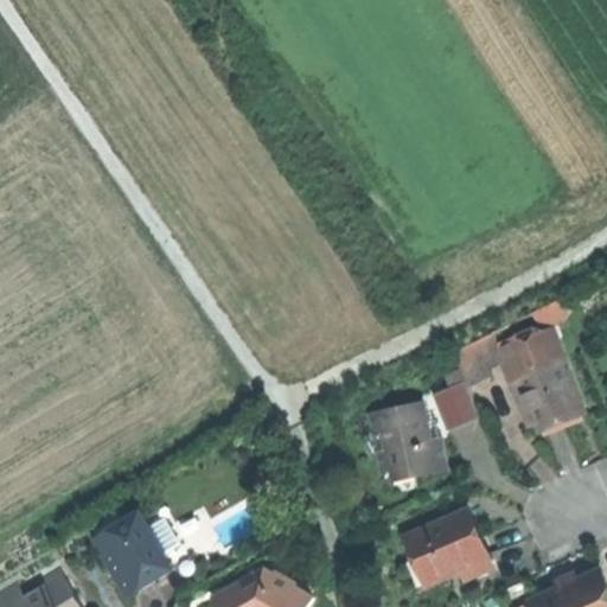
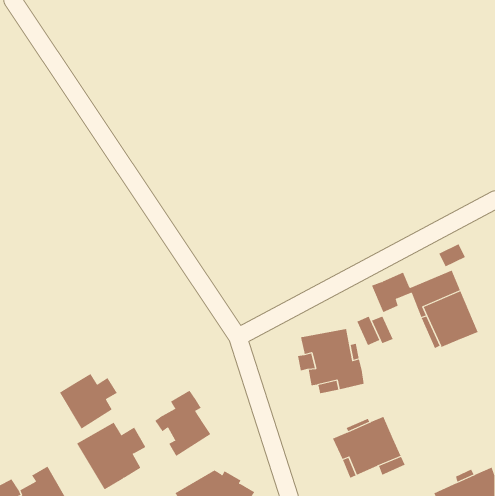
building: none -> [59,373,118,430]
building: none -> [154,390,211,457]

